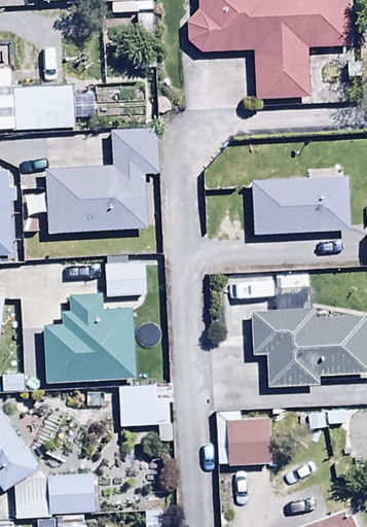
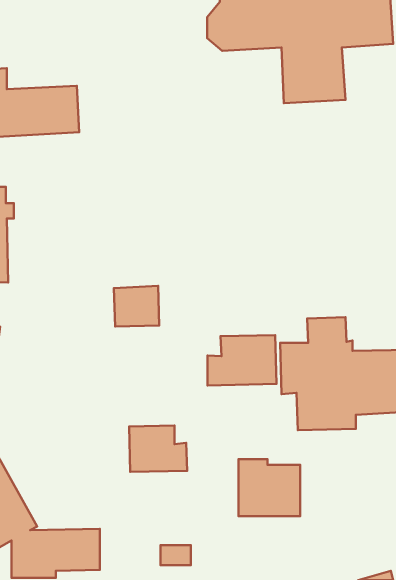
building: [45,129,158,235] -> none
building: [251,176,351,232] -> none
building: [45,293,136,383] -> none
building: none -> [207,335,276,386]

